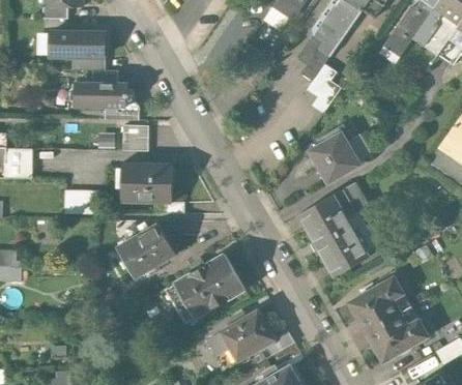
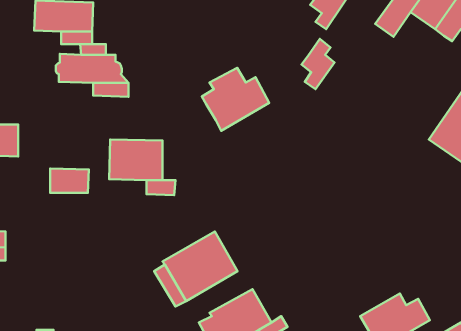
building: [297,32,330,82] -> none
building: [122,125,149,152] -> none
building: [310,126,375,187] -> [202,68,269,131]
building: [298,183,370,277] -> none
building: [115,221,176,279] -> none
building: [346,275,406,333] -> none

